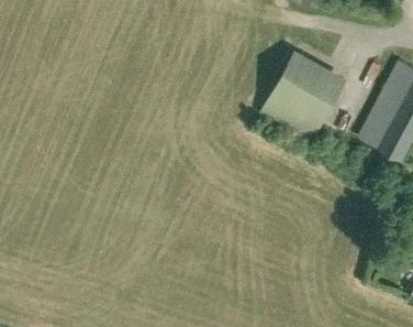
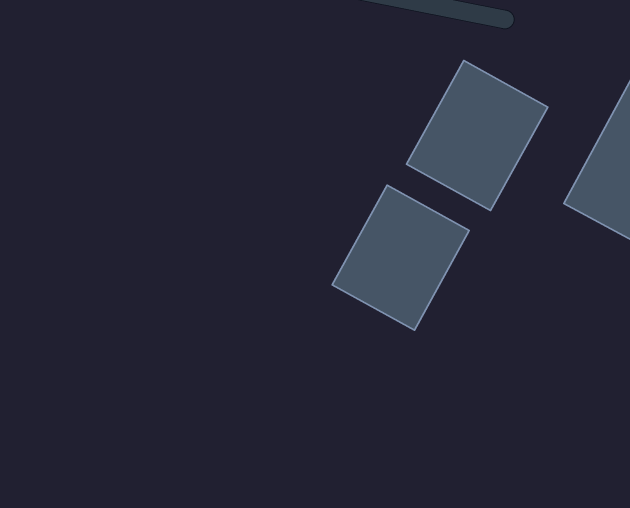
building: none -> [332,185,469,330]

